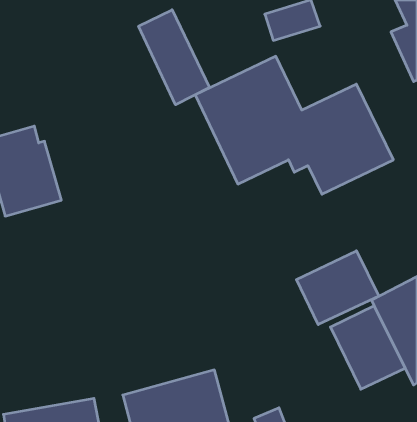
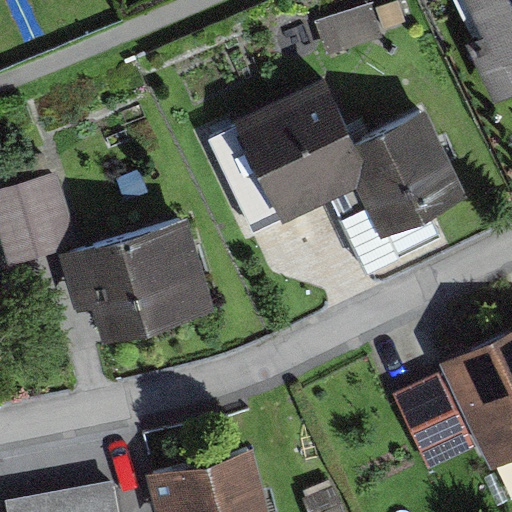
building: [139,10,210,105] -> none
building: none -> [60,218,215,342]
building: [296,251,379,325] -> none

